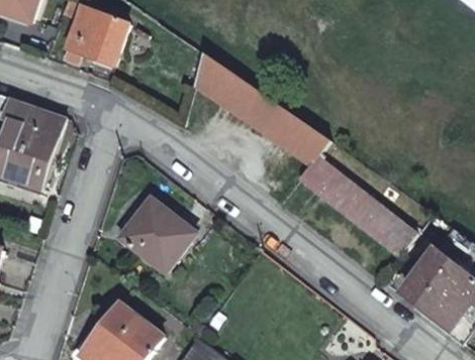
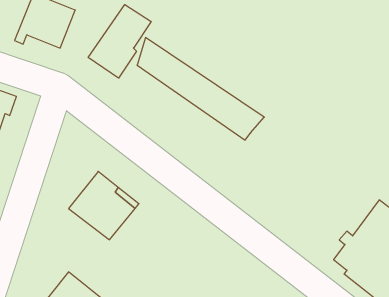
building: none -> [88,5,151,78]
building: [299,156,417,256] -> none

